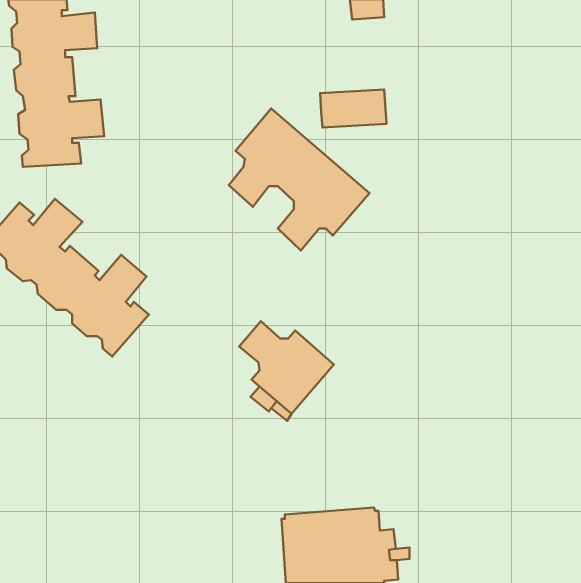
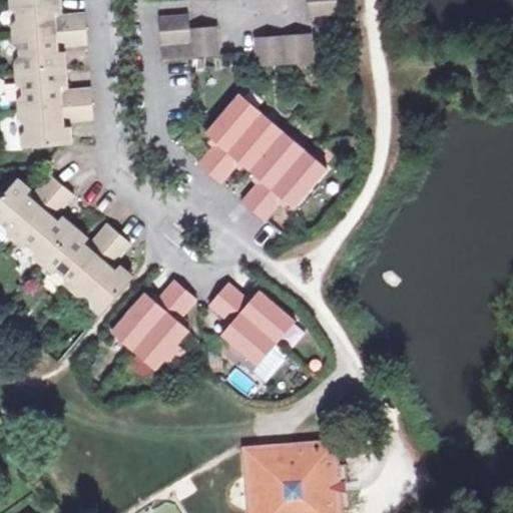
building: none -> [158,15,220,61]
building: [320,90,386,127] -> [253,34,312,67]
building: none -> [109,280,195,368]

